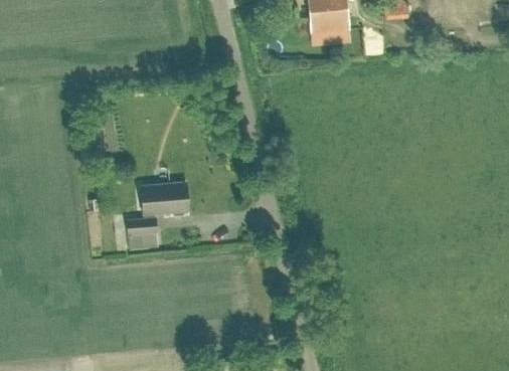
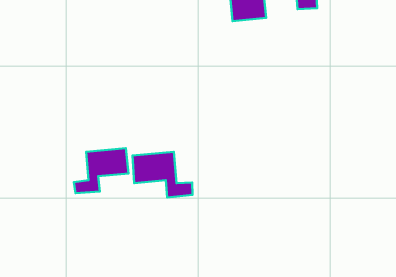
building: none -> [132,152,192,197]

